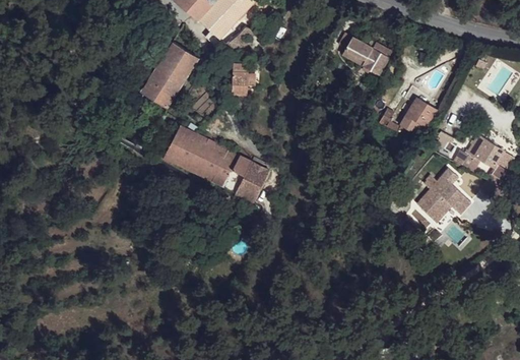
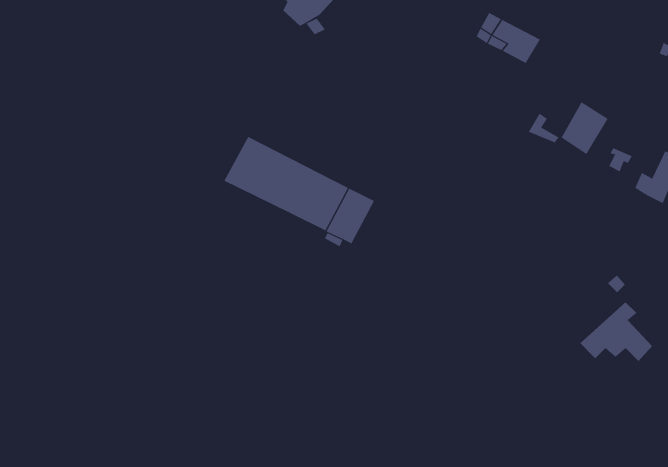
building: [141,42,199,108] -> none
building: [232,63,246,94] -> none
building: [417,170,469,213] -> [579,301,653,362]

